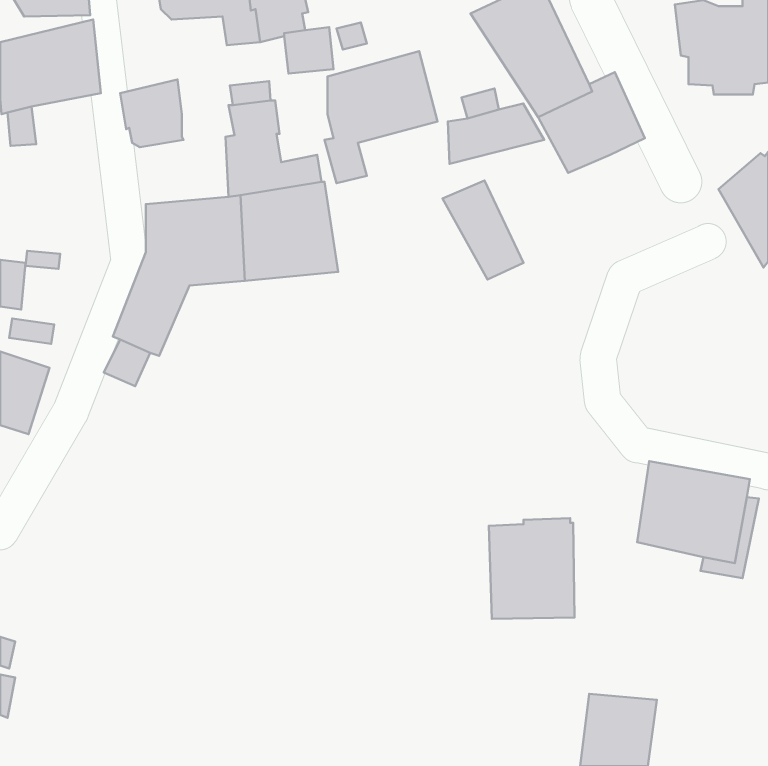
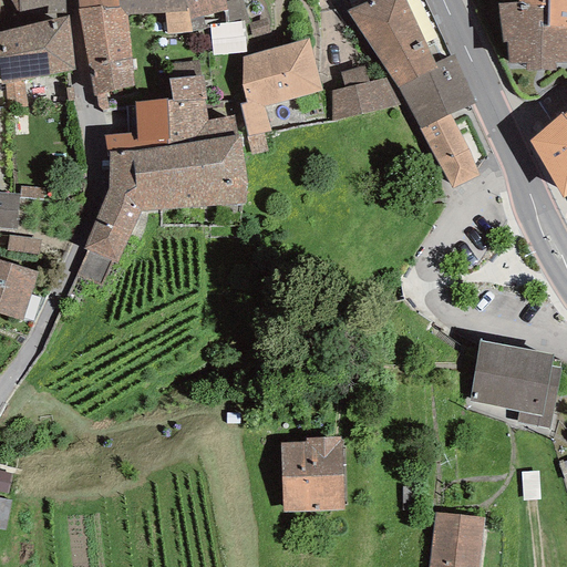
building: none -> [78,4,131,69]
building: none -> [104,97,168,151]
building: [443,180,524,279] -> [419,114,478,187]
building: [489,518,575,619] -> [280,436,343,511]

